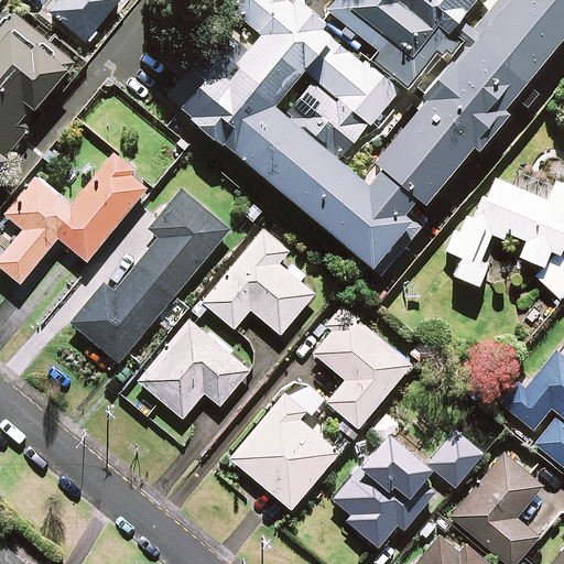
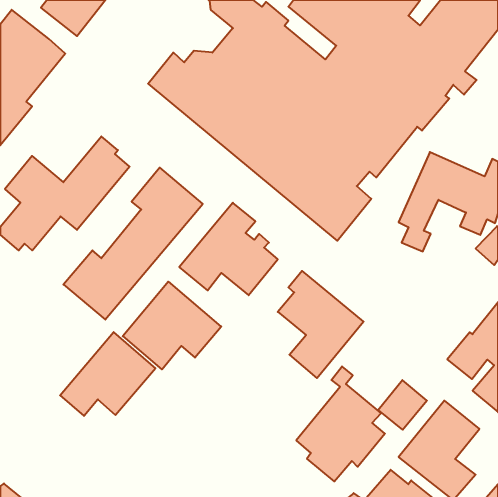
building: none -> [60,332,155,416]
building: [230,393,339,509] -> none

